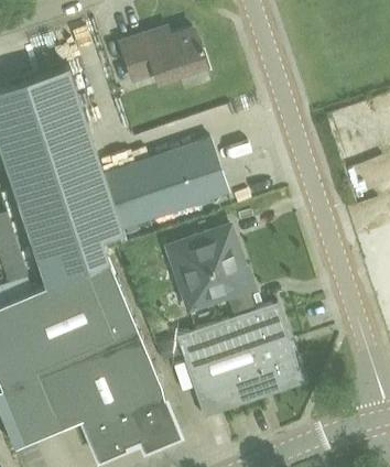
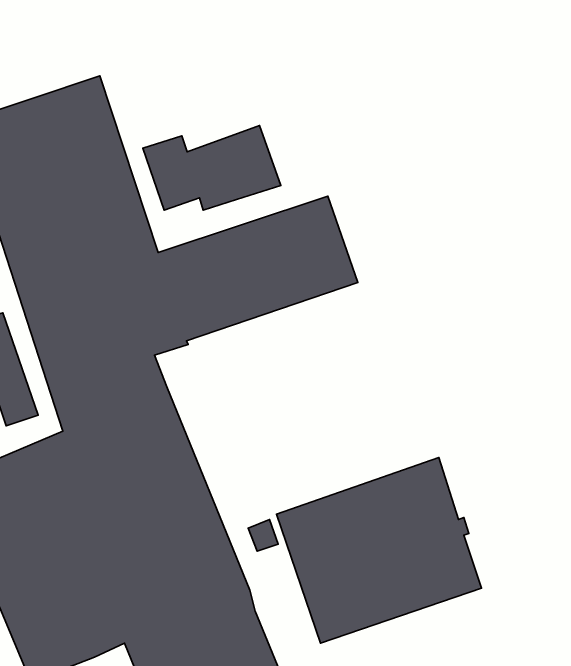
building: [119,28,205,80] -> [143,125,281,210]
building: [169,227,250,308] -> none

